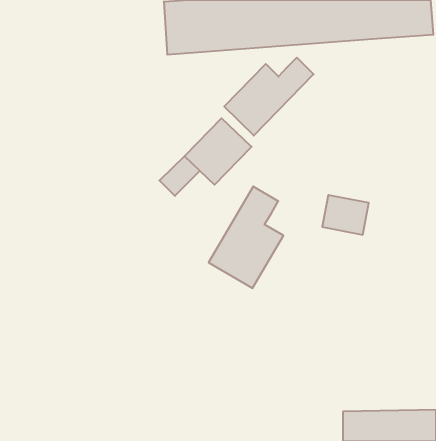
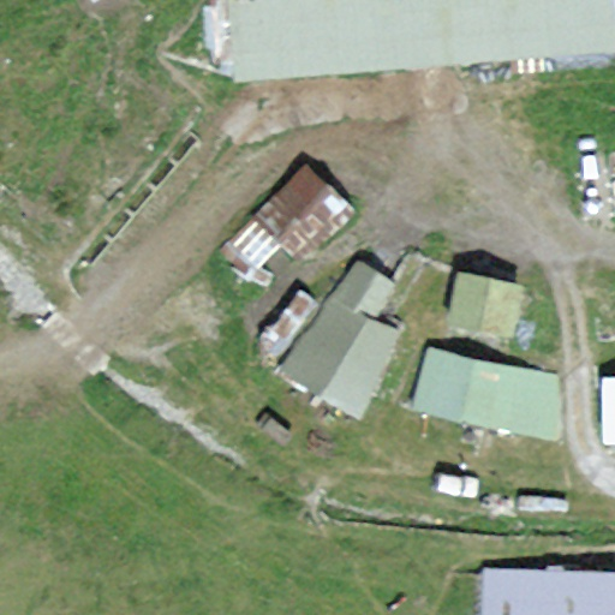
building: [224,58,314,136] -> none
building: none -> [417,353,549,434]

